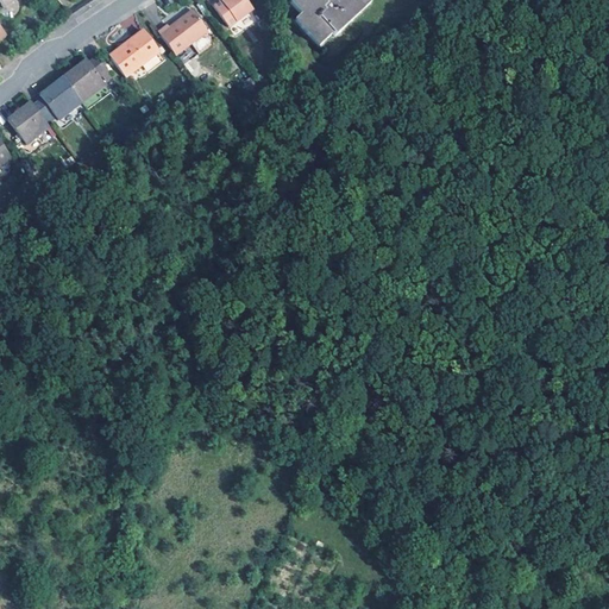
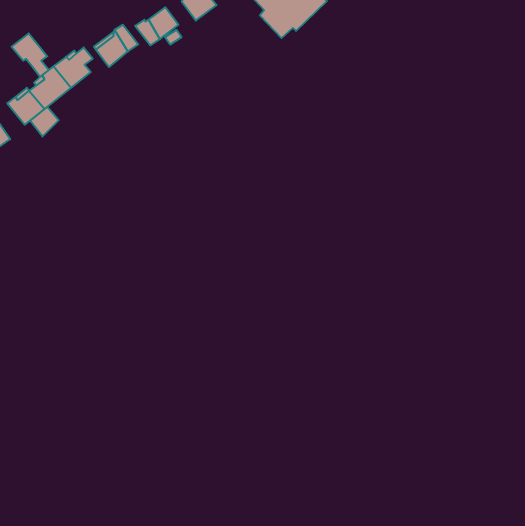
building: none -> [12,33,49,77]
building: none -> [30,107,59,137]

